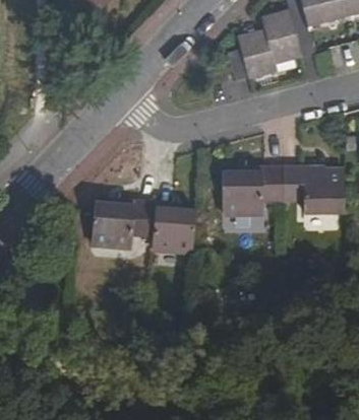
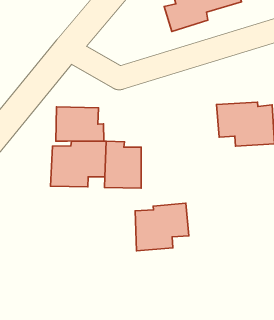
building: none -> [56,107,104,141]
building: [224,165,283,215] -> [135,203,189,251]

